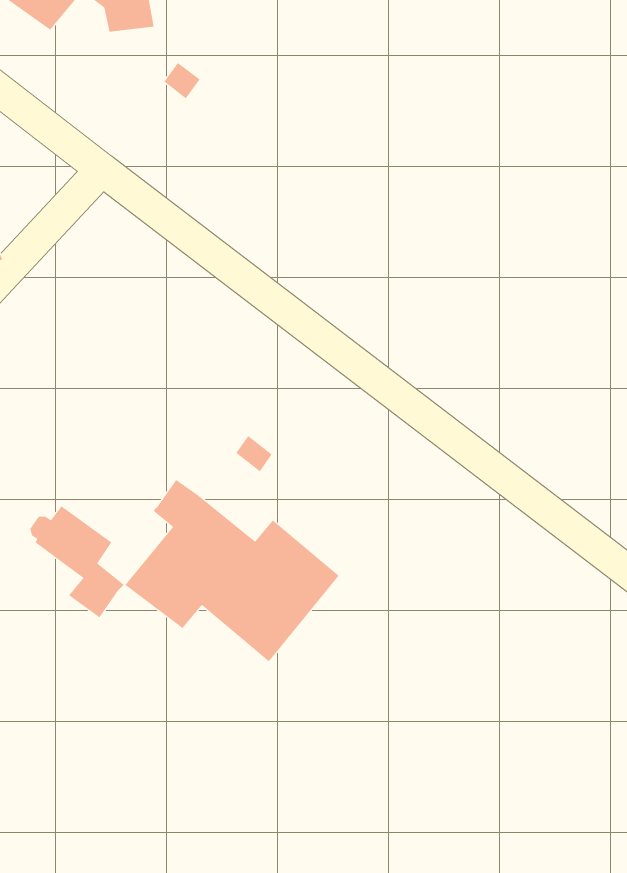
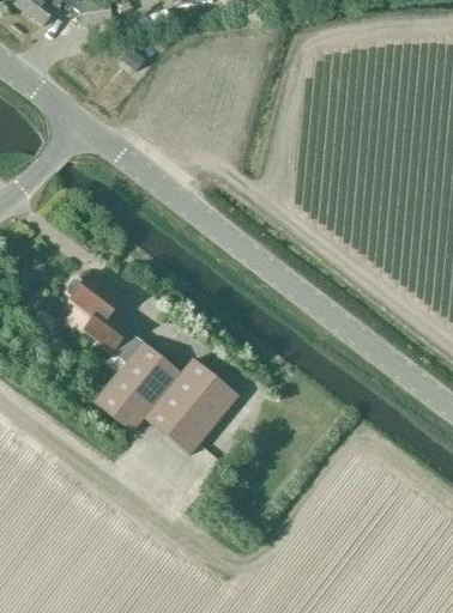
building: [30,506,125,618] -> [65,272,129,348]

